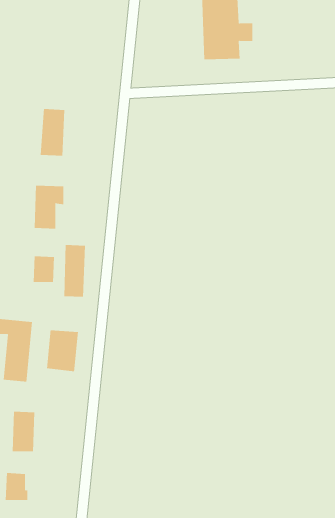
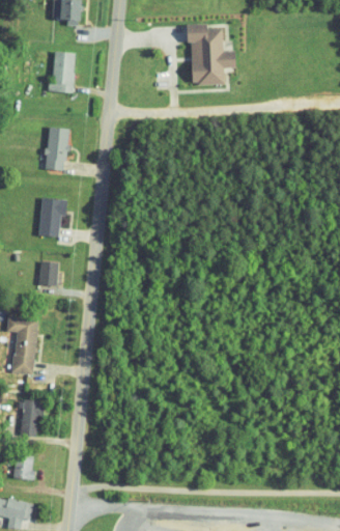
building: none -> [51,52,76,93]
building: [64,244,86,298] -> none
building: [47,329,78,372] -> none

